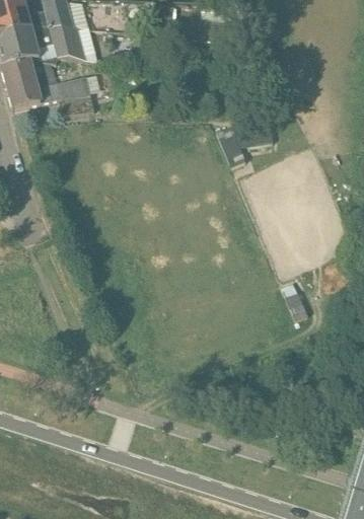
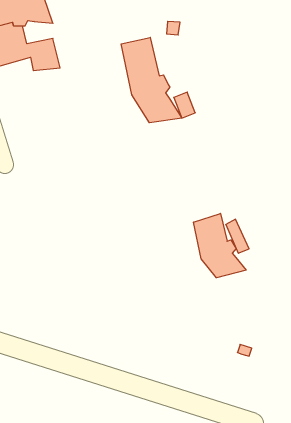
building: none -> [121,37,182,123]
building: none -> [194,213,246,278]

